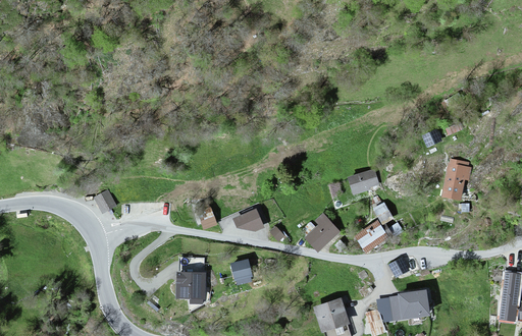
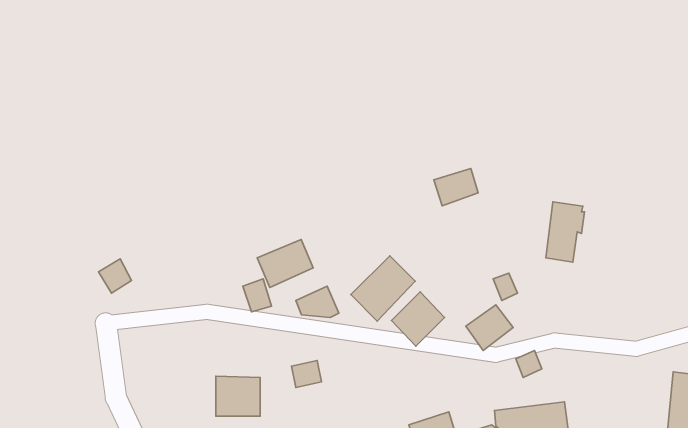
building: [443,160,471,203] -> [546,202,584,262]
building: [348,169,379,195] -> [434,169,478,206]
building: none -> [257,239,313,288]
building: none -> [351,256,415,321]

